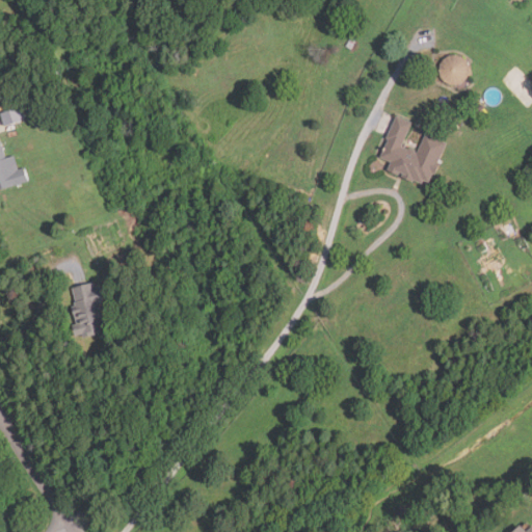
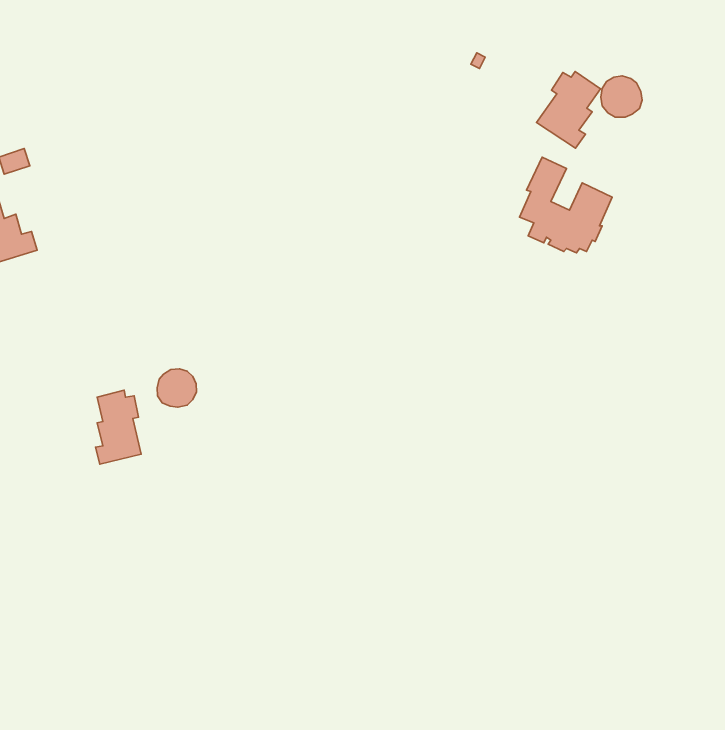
building: none -> [536,71,601,148]
building: none -> [157,369,197,407]

